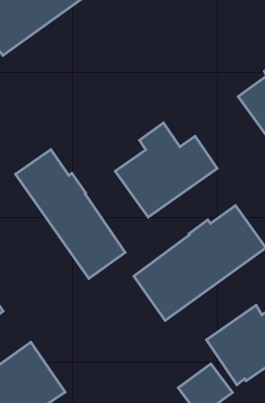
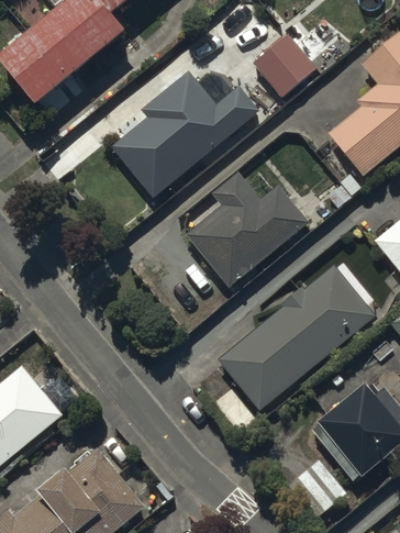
building: none -> [252,33,315,96]
building: none -> [111,70,257,197]
building: [15,149,125,278] -> none

